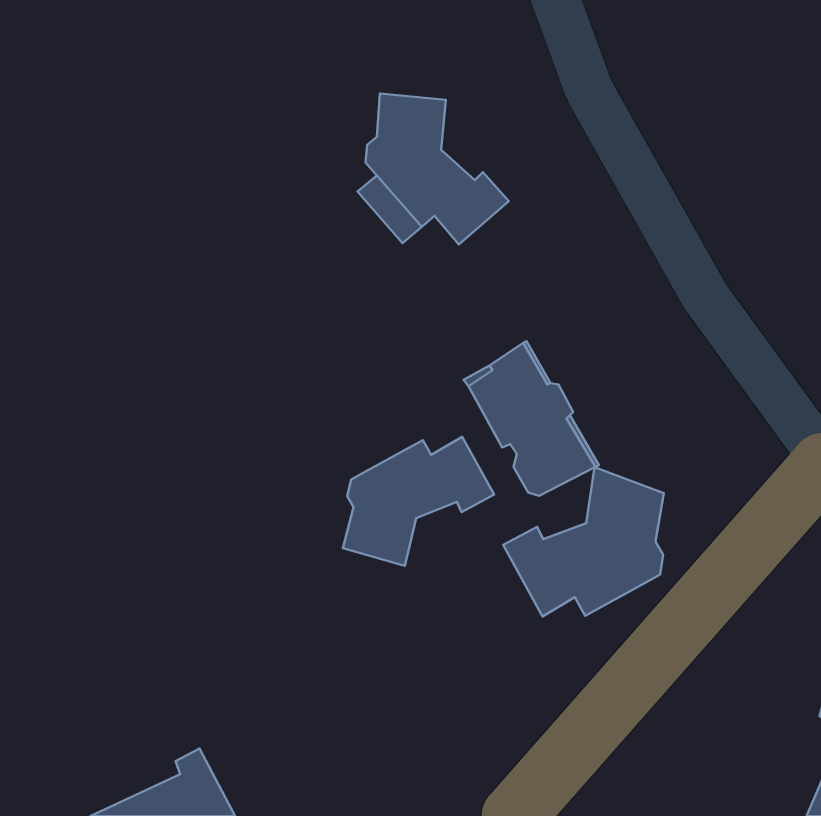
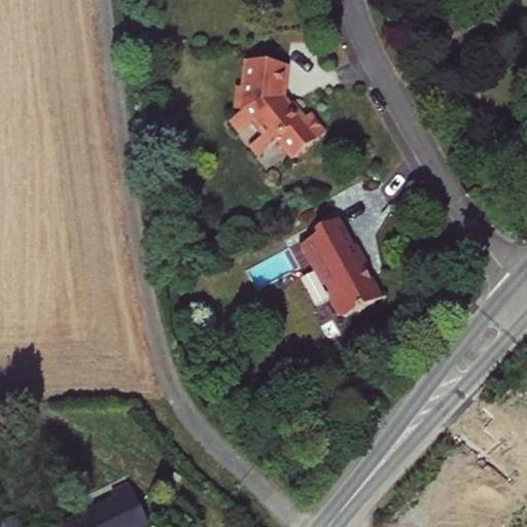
building: [343,437,494,566] -> none
building: [503,467,664,616] -> none

